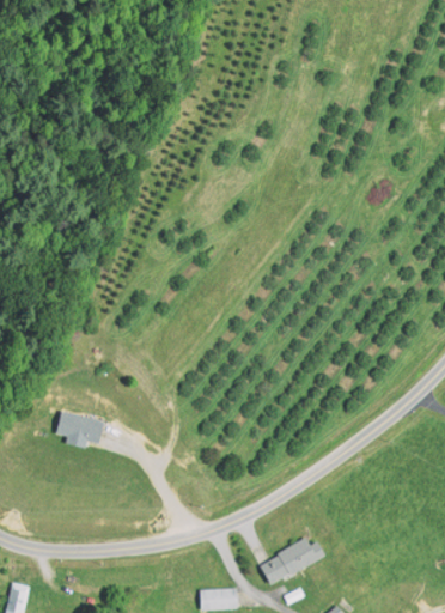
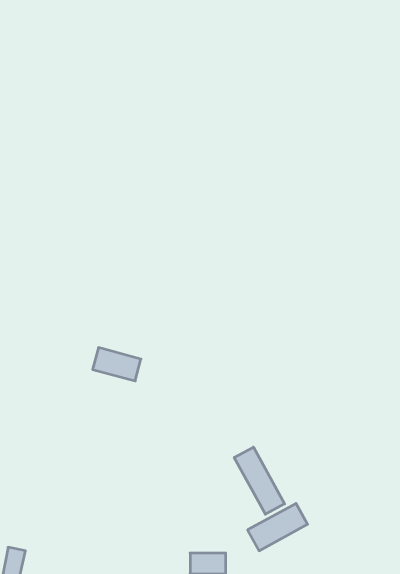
building: [55,411,105,445] -> [93,348,141,381]
building: none -> [234,447,285,514]

